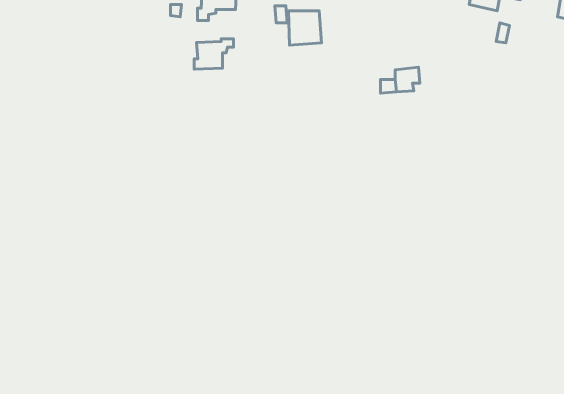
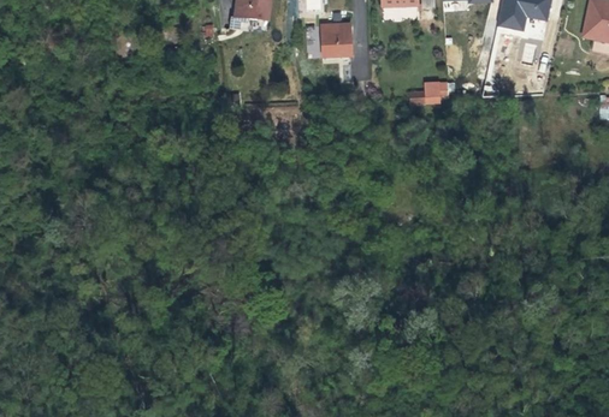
building: [194,39,234,69] -> none

